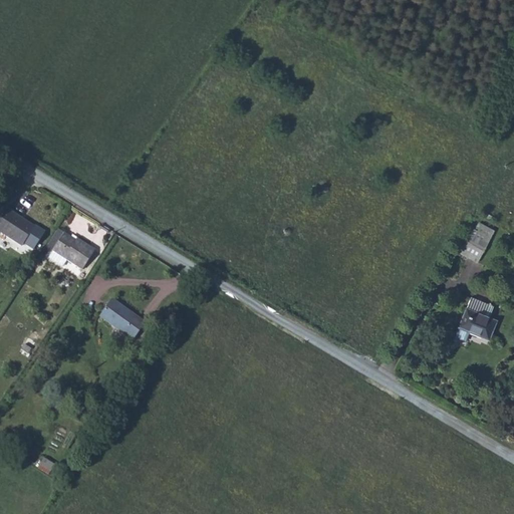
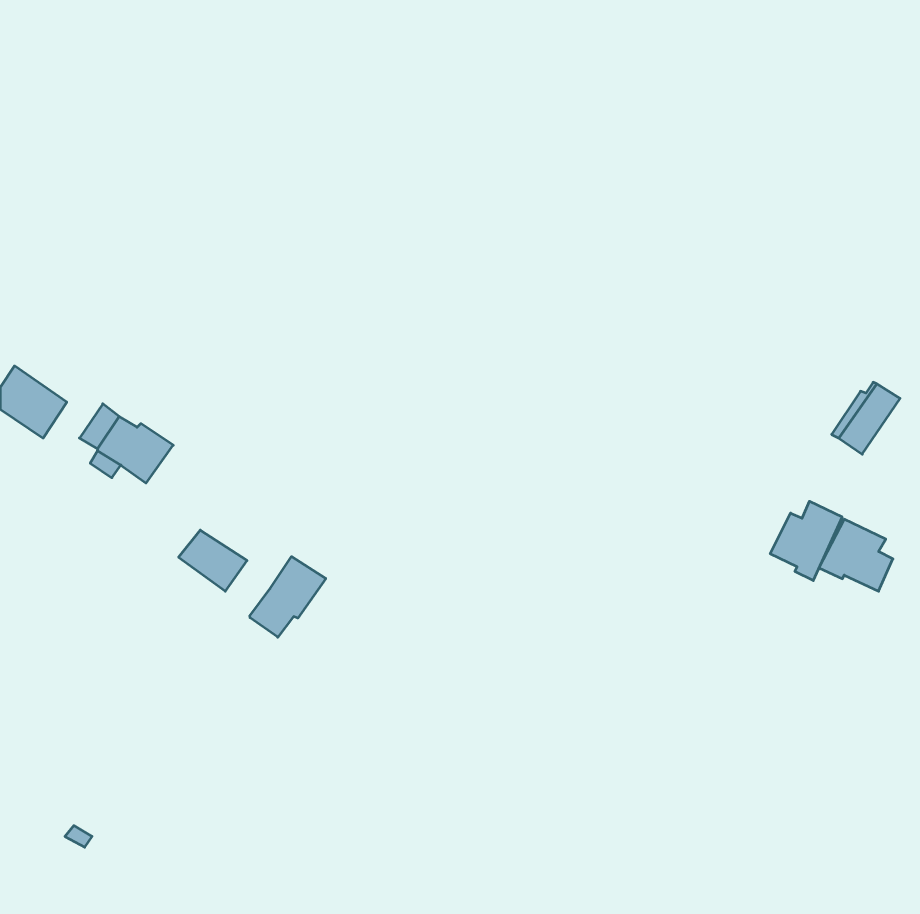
building: none -> [770,501,842,581]
building: none -> [250,557,326,637]

